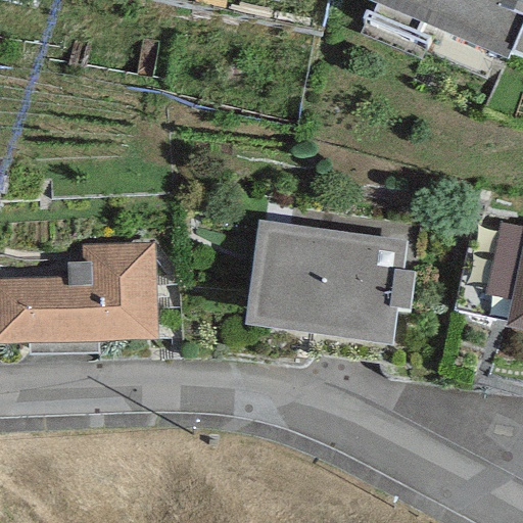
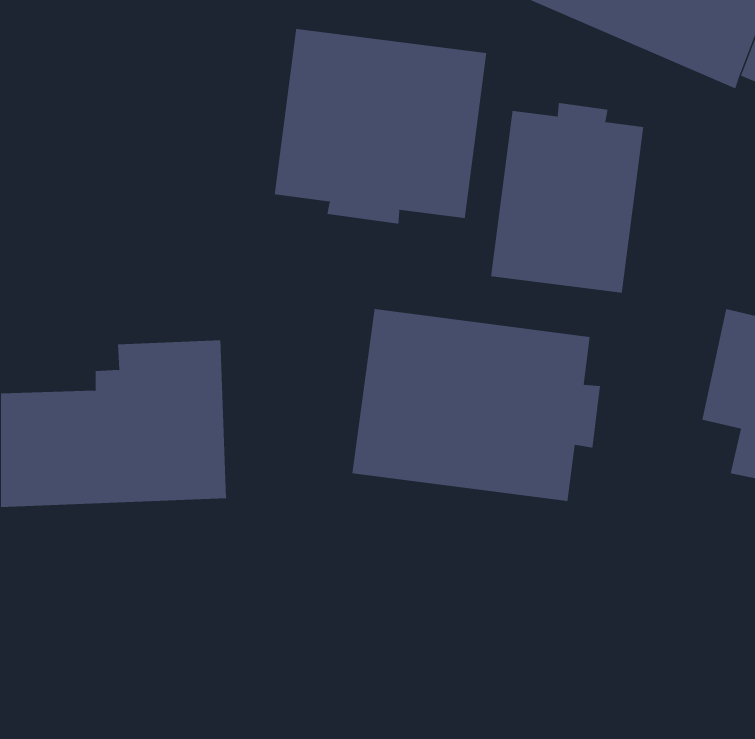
building: none -> [274,28,487,224]
building: none -> [491,102,644,293]

